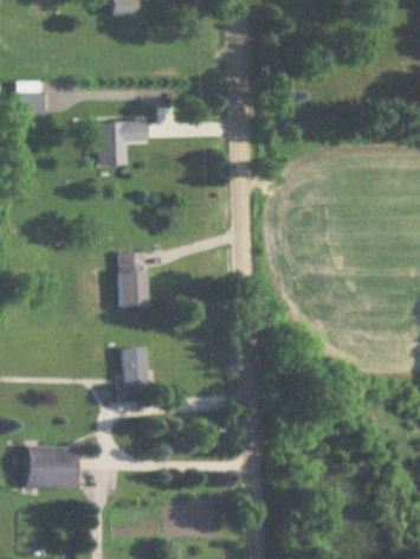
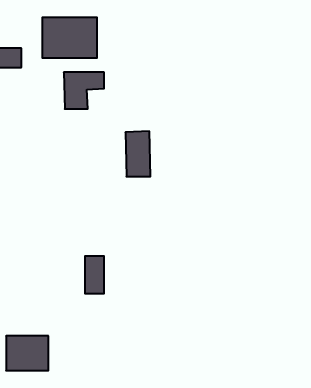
building: none -> [42,17,97,58]
building: [117,251,148,307] -> [125,131,150,177]

